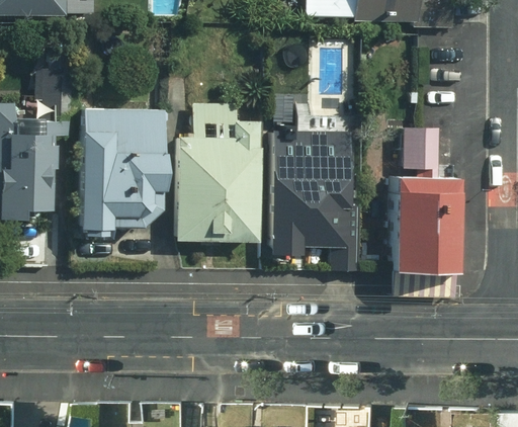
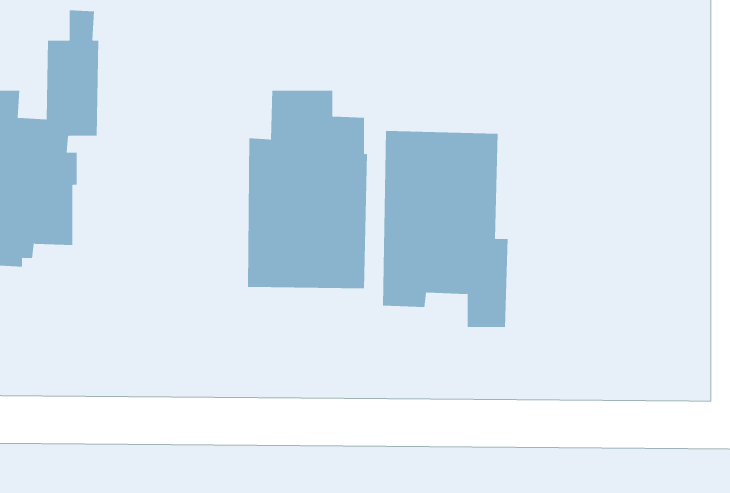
building: [78,109,161,237] -> none
building: [395,126,460,274] -> none

